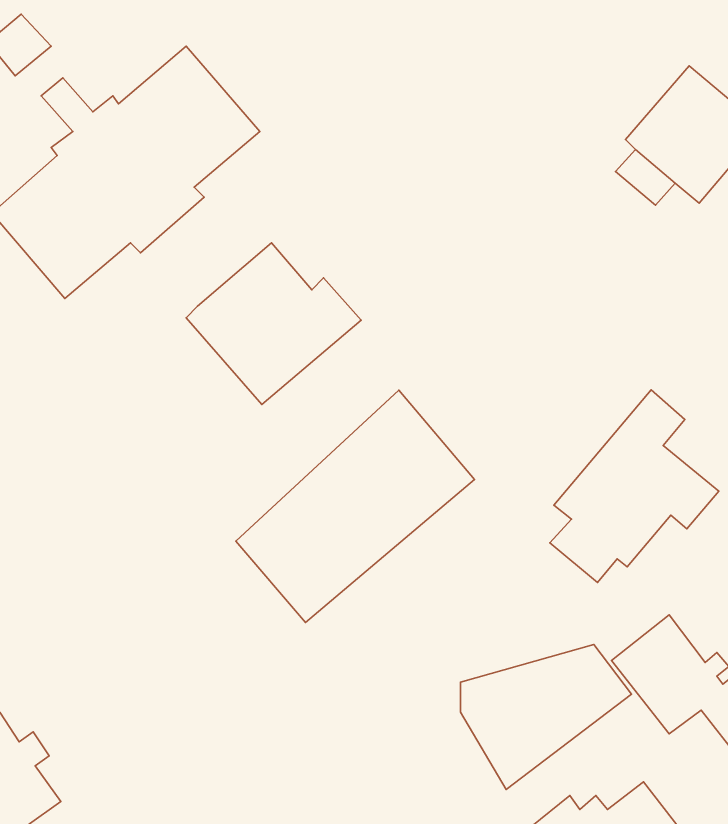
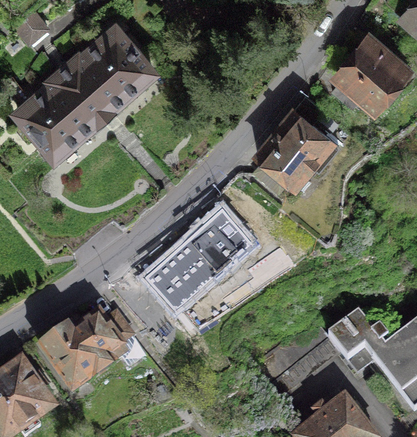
building: [186,243,361,404] -> none
building: [550,390,719,583] -> [255,94,340,191]
building: none -> [42,311,147,390]

